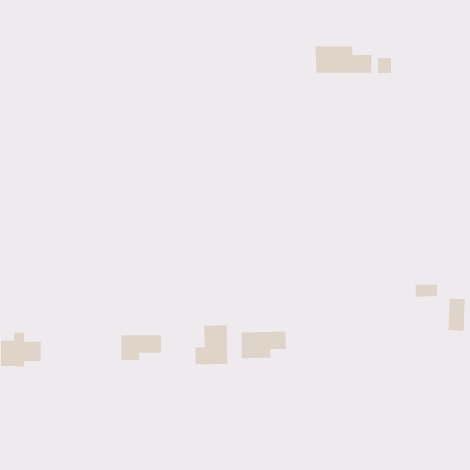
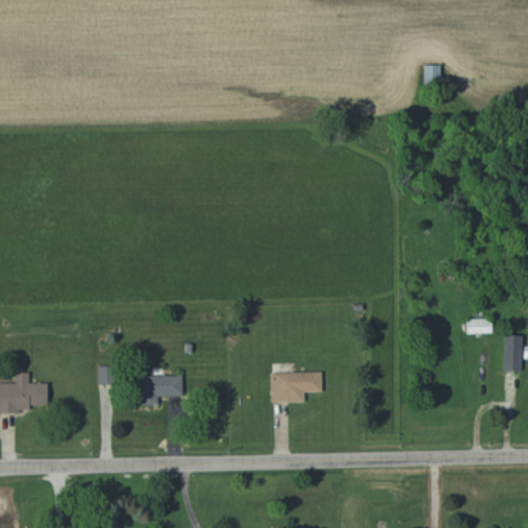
building: [315,46,372,74] -> none
building: [195,325,228,365] -> none

